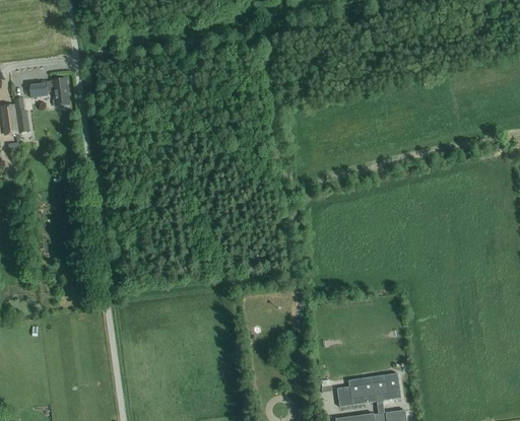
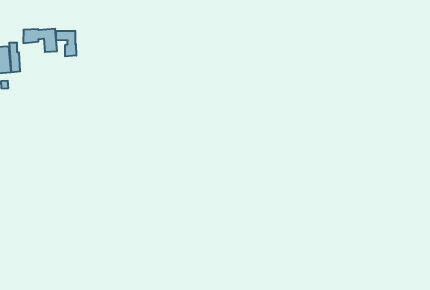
building: none -> [56,31,76,56]

